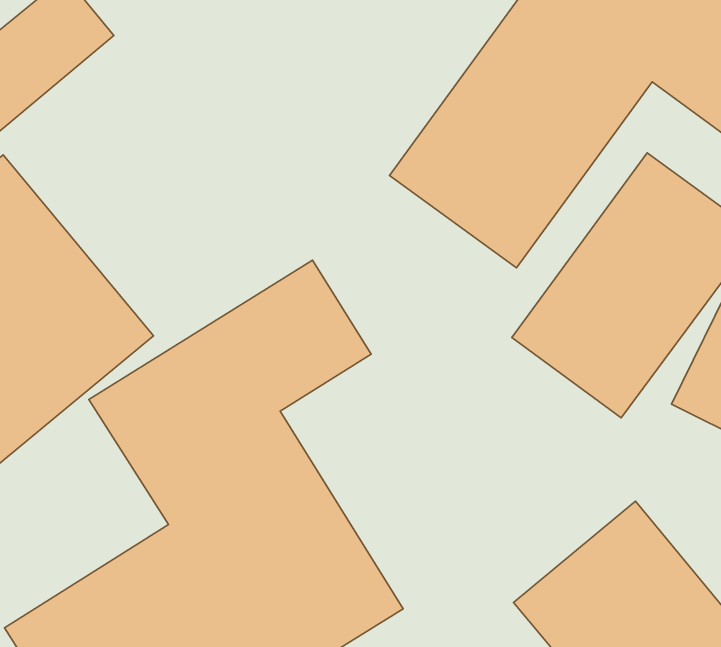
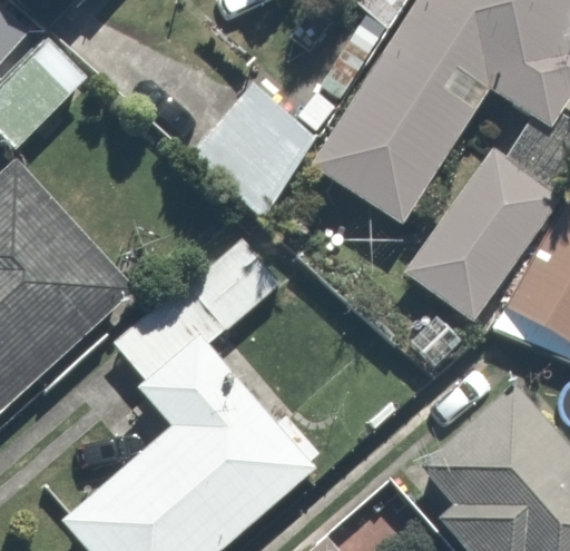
building: none -> [187,79,317,210]

